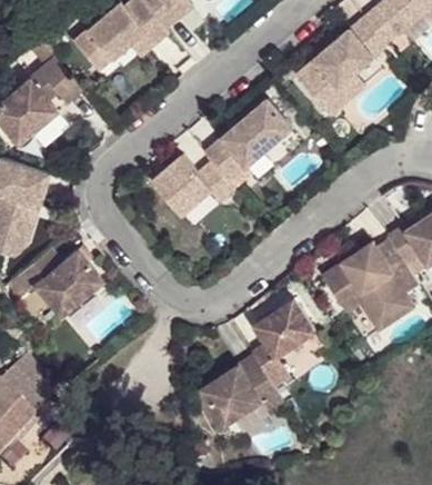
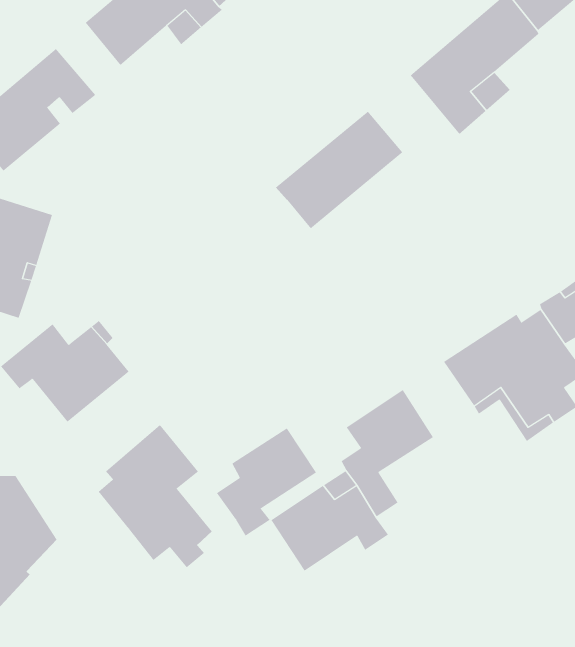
building: [151,156,233,216] -> none
building: none -> [98,424,212,568]
building: none -> [216,427,317,537]

